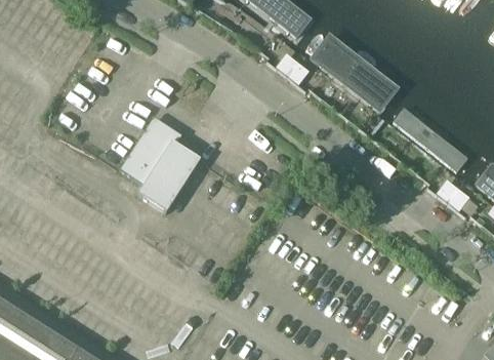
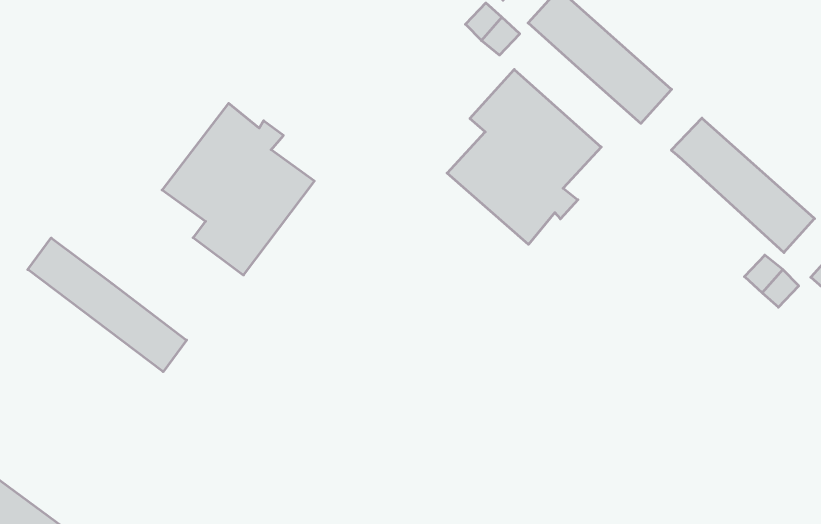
building: none -> [447,69,601,244]
building: none -> [28,238,187,372]

